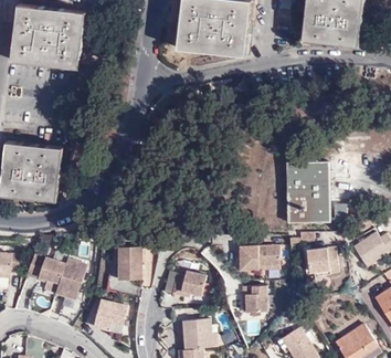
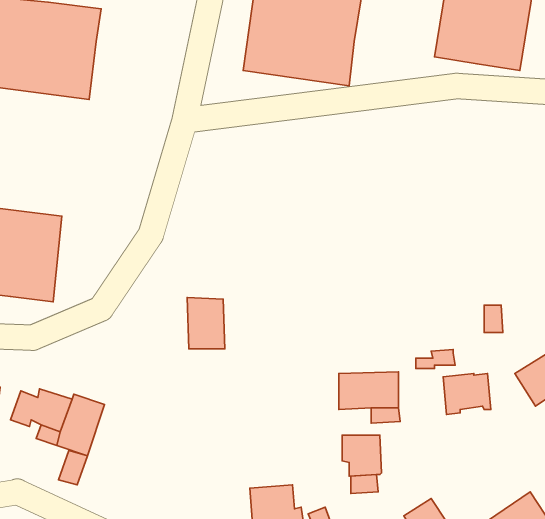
building: [285,160,328,221] -> none
building: [117,246,141,280] -> [187,297,225,349]
building: [171,268,207,294] -> none
building: [94,301,128,331] -> none

